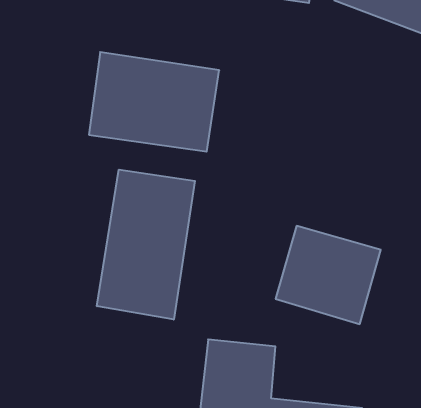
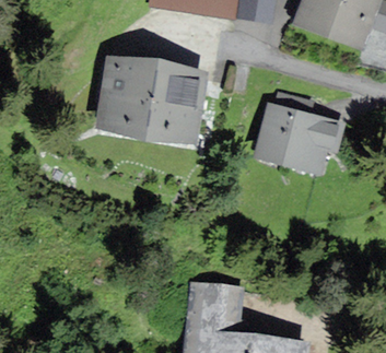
building: [97,170,195,320] -> none
building: [276,226,381,324] -> [254,102,336,178]

